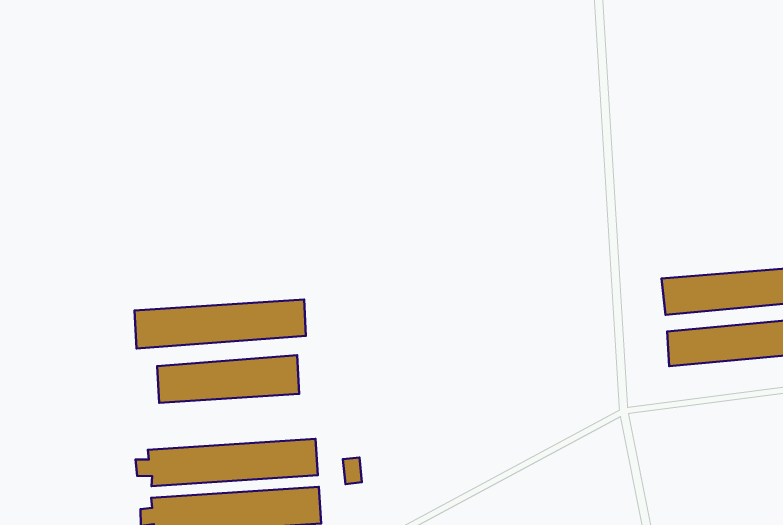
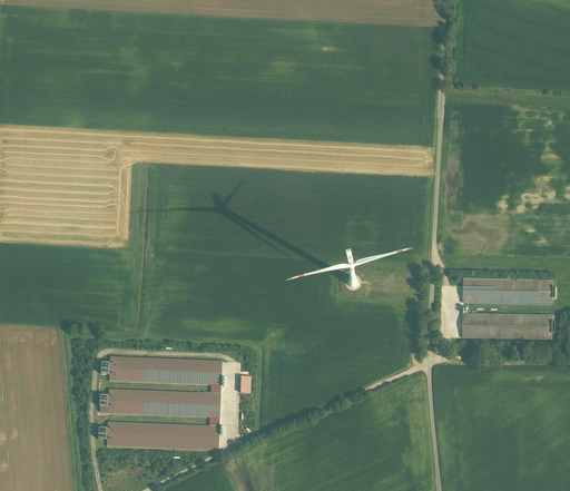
building: [134,300,306,349] -> none
building: [157,355,299,403] -> none

